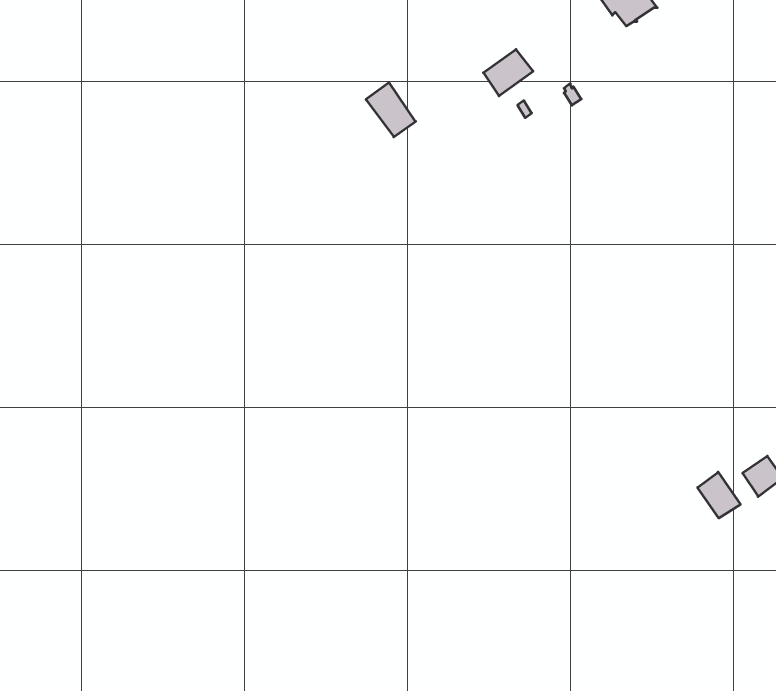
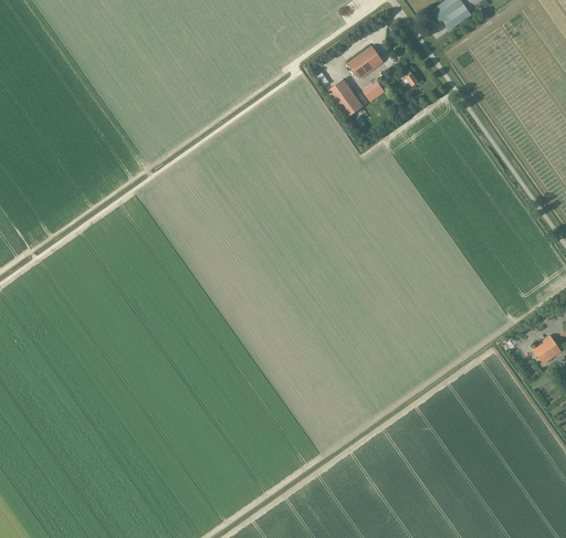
building: [366,83,416,137] -> [326,78,361,117]
building: [698,472,740,518] -> none

